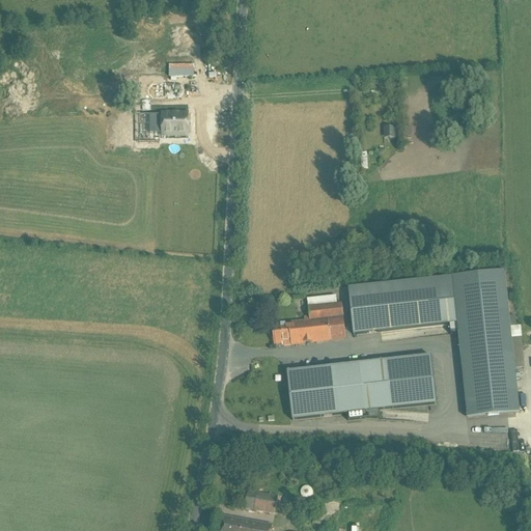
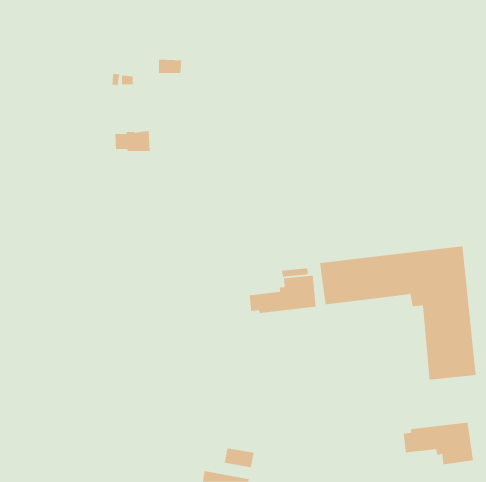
building: [148,108,188,131] -> [114,131,151,151]
building: [285,352,436,417] -> none
building: none -> [403,422,473,465]

